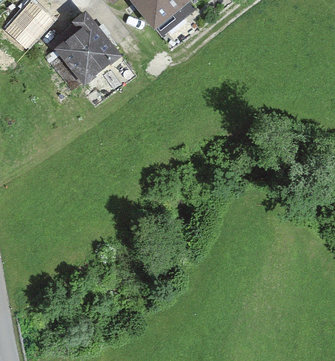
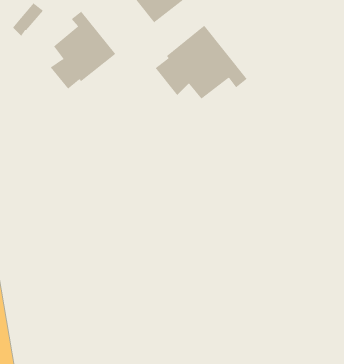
building: none -> [155,25,247,99]

